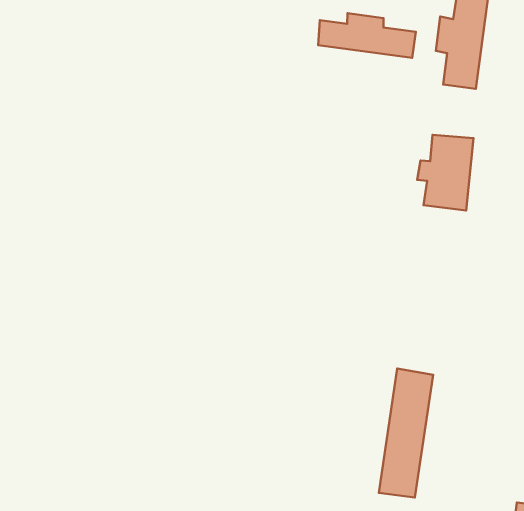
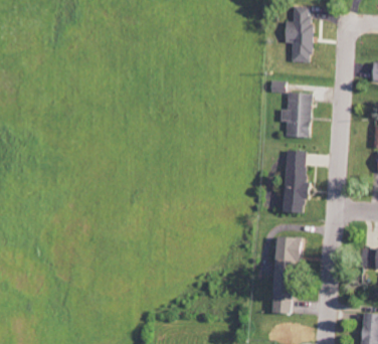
building: [318,13,416,58] -> none
building: none -> [285,150,312,213]

